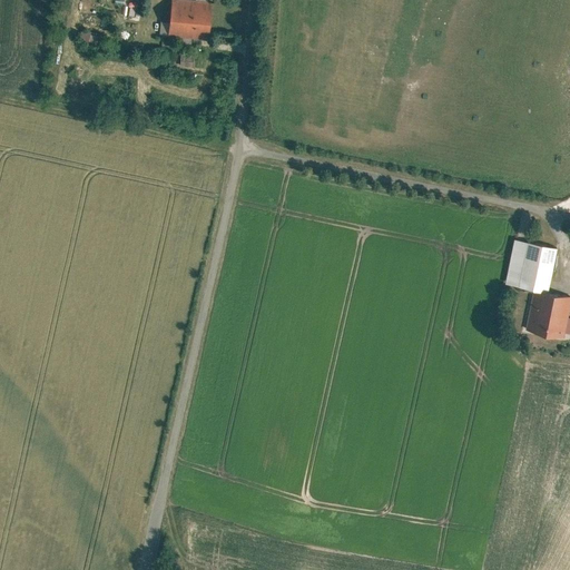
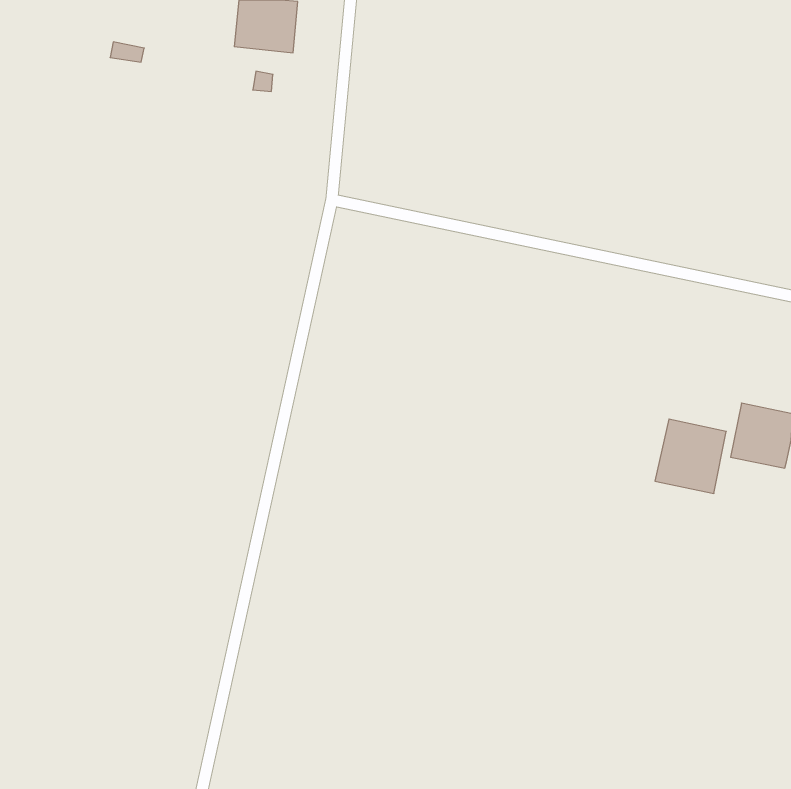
building: [504,239,556,293] -> [655,419,726,493]

